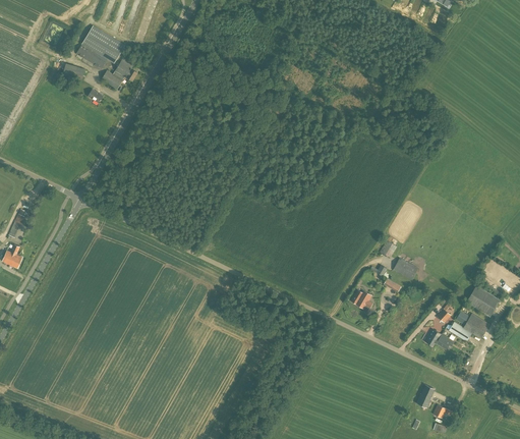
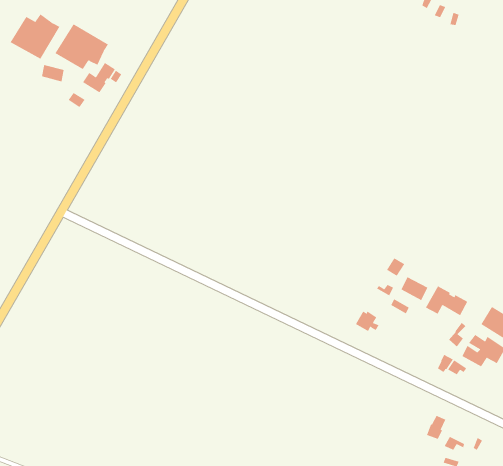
building: none -> [10,14,60,60]
building: none -> [425,286,469,316]

